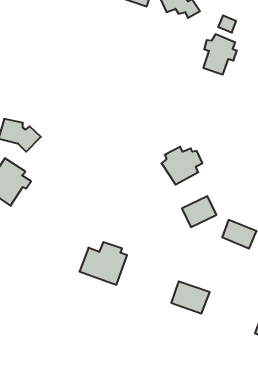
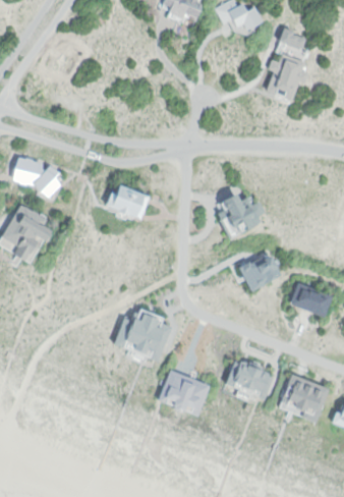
building: none -> [102,187,149,221]
building: none -> [159,371,210,416]
building: none -> [280,375,329,420]

